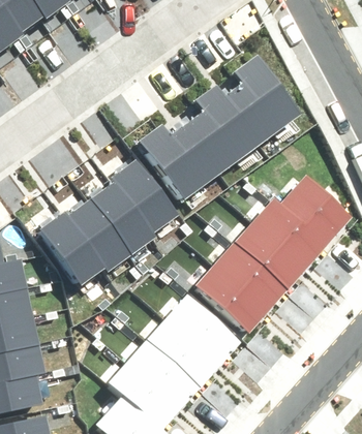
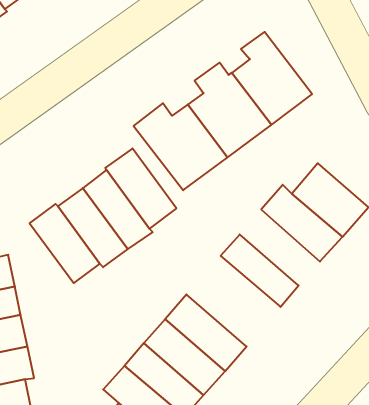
building: [234,218,307,287] -> none
building: [197,260,271,330] -> none

